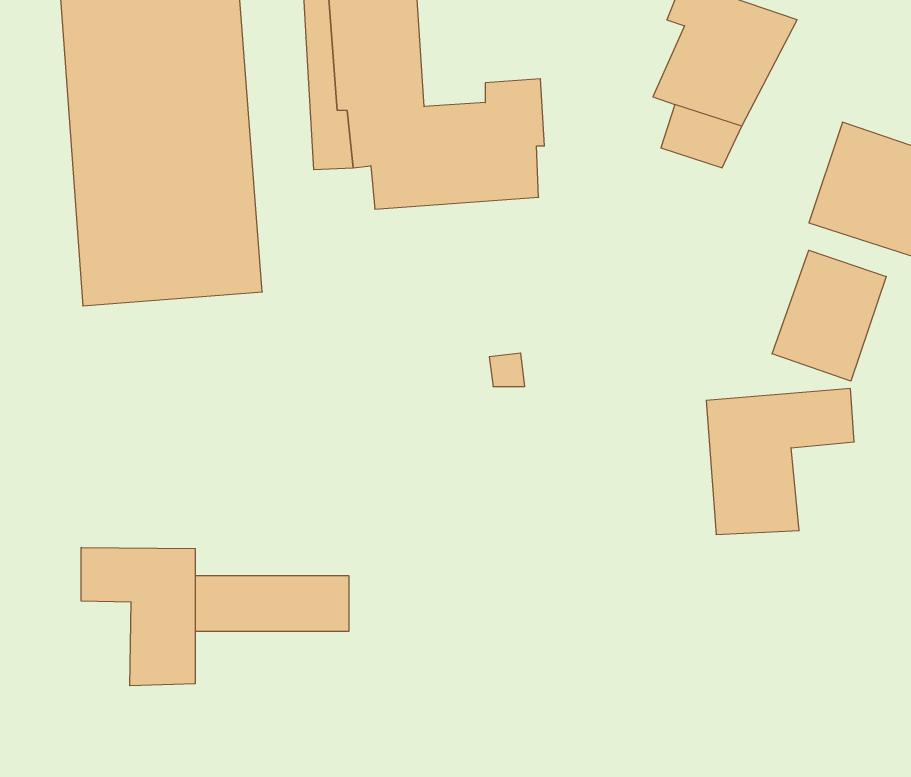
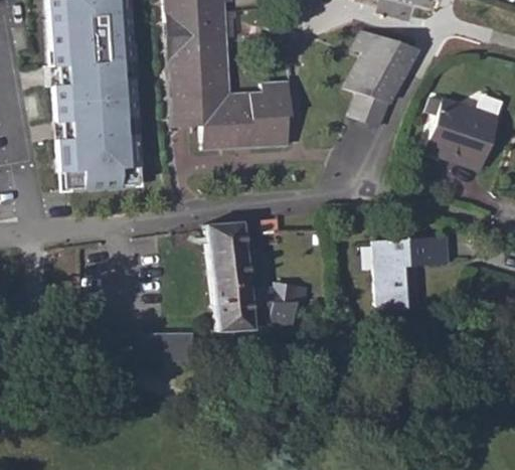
building: [772,250,886,381] -> none
building: none -> [204,222,310,332]
building: [81,547,195,686] -> none

